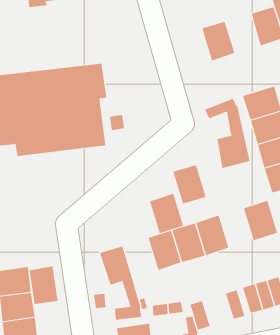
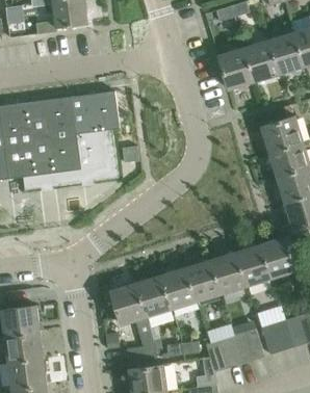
building: none -> [242,41,279,82]
building: [204,98,250,169] -> none
building: [173,164,206,204] -> [236,244,272,286]
building: [149,193,184,234] -> [135,276,172,318]
building: [29,266,58,305] -> none
building: none -> [218,334,251,368]

